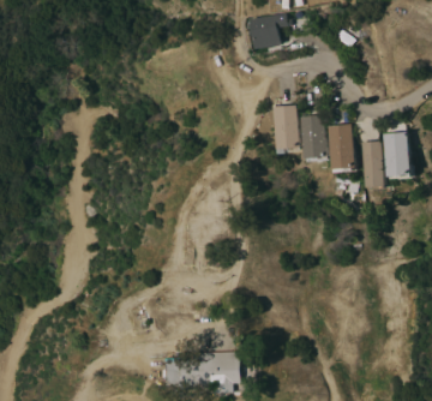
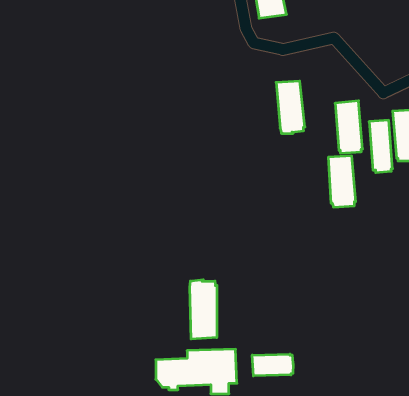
building: [305,115,330,162] -> [328,156,356,207]
building: none -> [190,280,217,339]
building: none -> [252,354,293,376]

